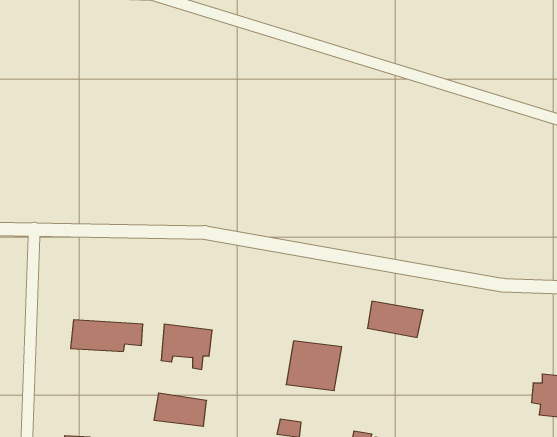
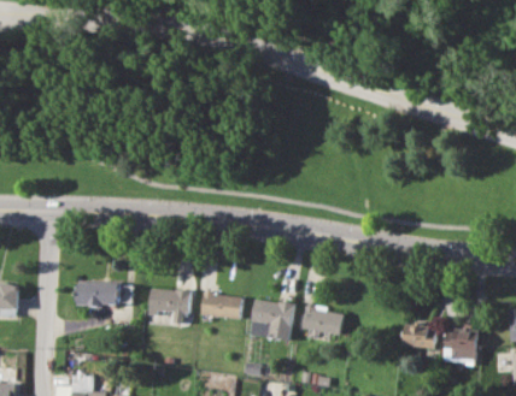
building: [367,301,423,337] -> [300,306,345,335]
building: none -> [401,323,438,348]
building: [154,393,207,426] -> [199,292,241,319]

